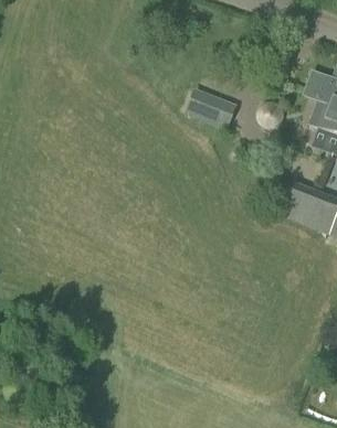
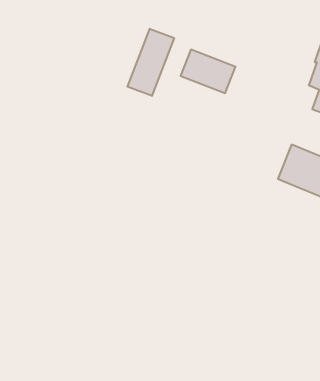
building: none -> [127,29,174,96]

